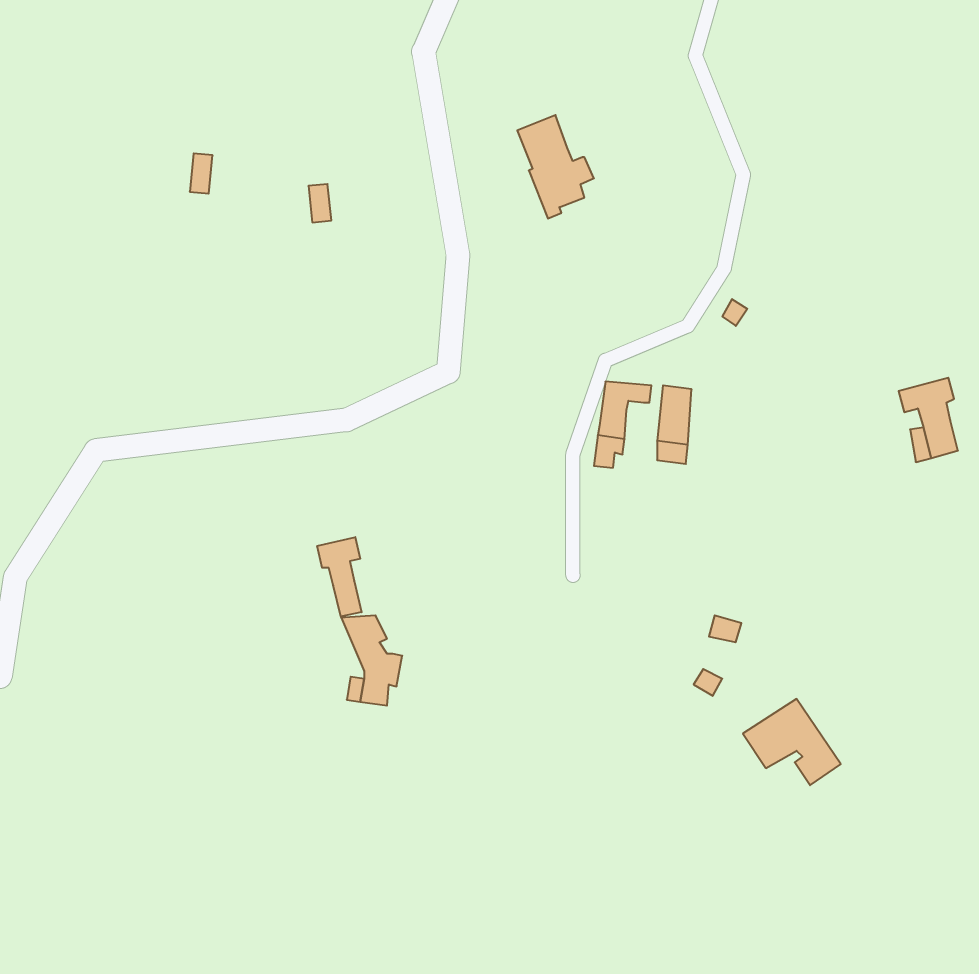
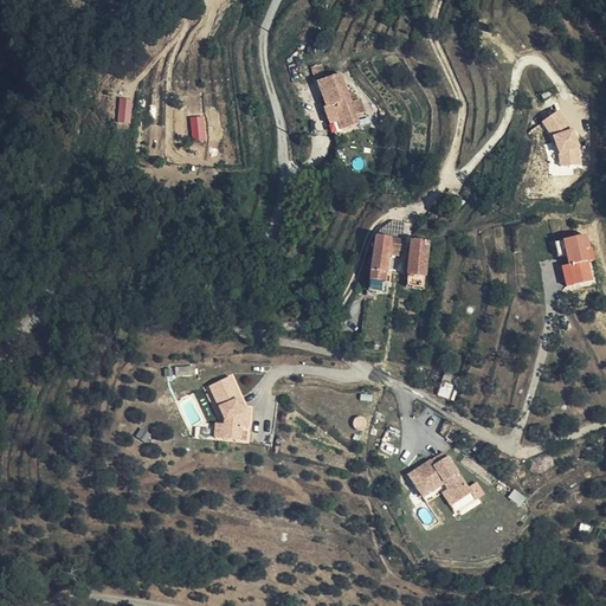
building: none -> [540,107,586,165]
building: [317,537,362,617] -> none
building: [743,699,841,785] -> [408,453,469,507]

